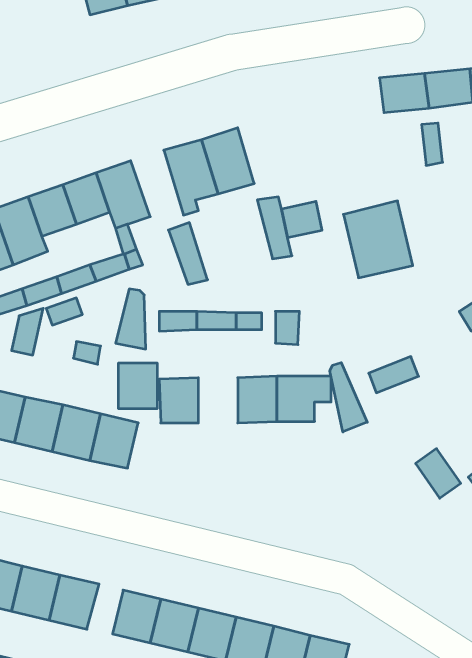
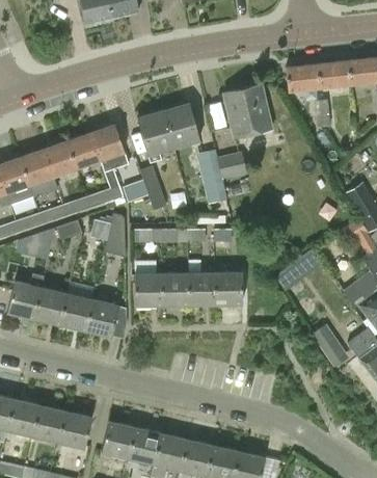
building: [343,201,413,278] -> [223,84,271,137]
building: [330,363,367,432] -> none
building: [118,363,157,408] -> [161,274,188,306]

